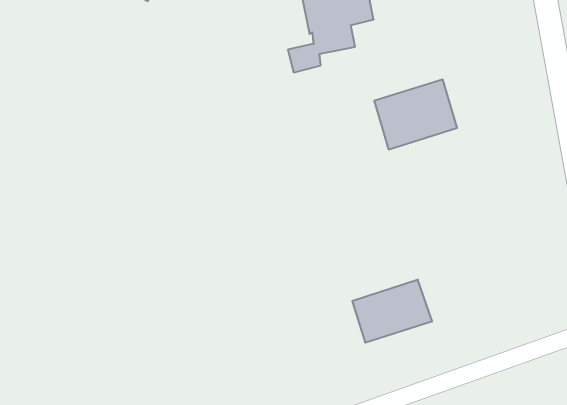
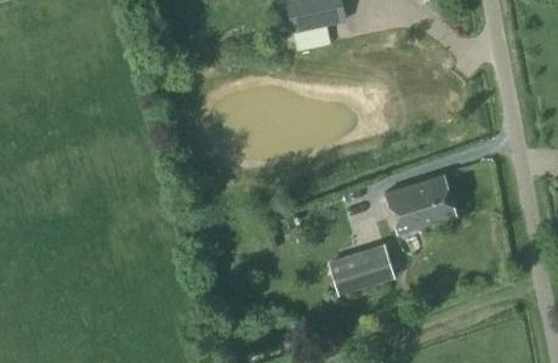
building: [374,79,457,149] -> [387,175,457,234]

